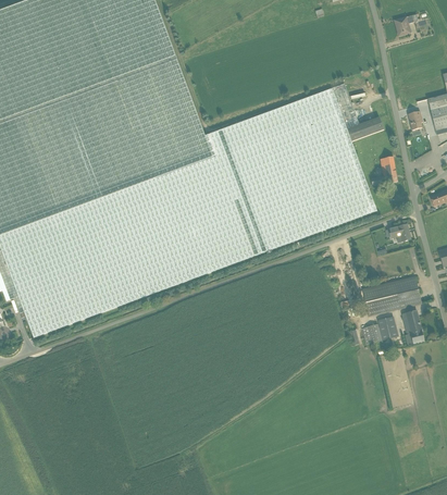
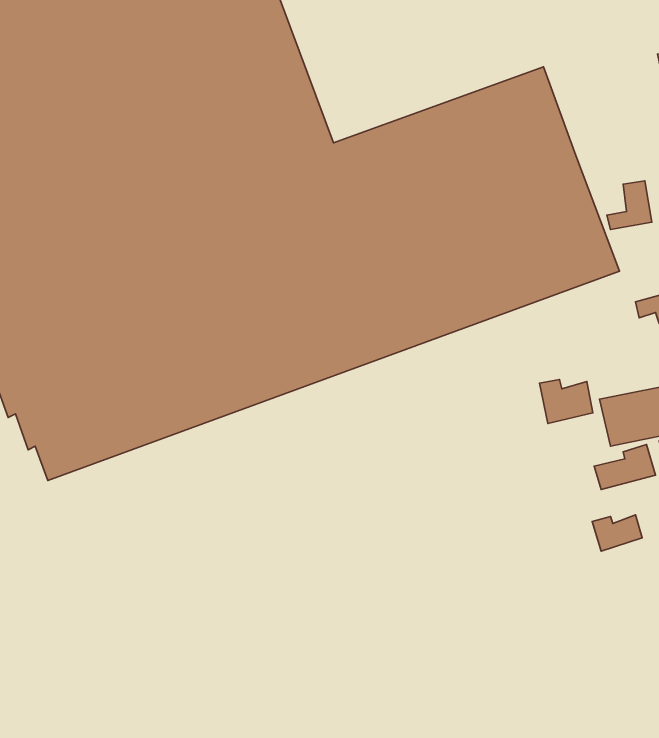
building: none -> [540,380,593,424]
building: none -> [592,515,642,551]

